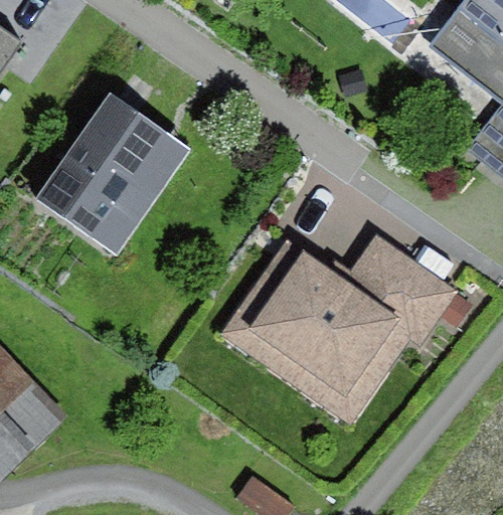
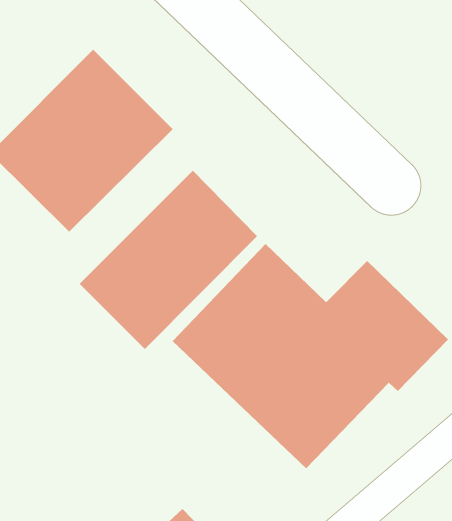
building: none -> [79,170,258,350]

